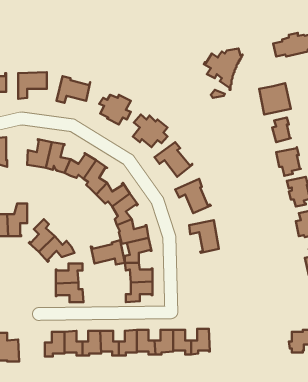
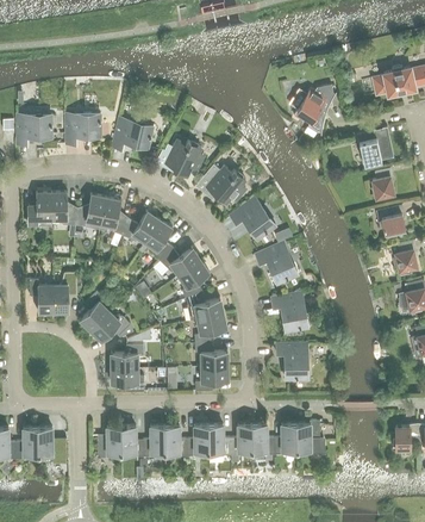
building: none -> [51,192,77,225]
building: [91,240,125,264] -> none
building: none -> [276,343,307,379]
building: none -> [295,421,324,453]

